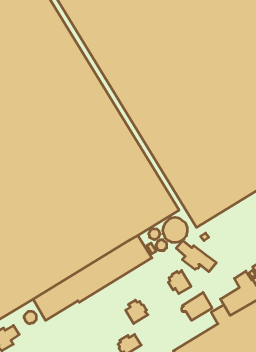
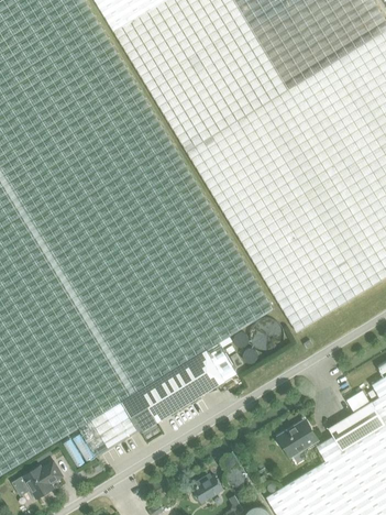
building: [176,241,216,272] -> none
building: [168,270,191,294] -> none
building: [126,300,148,324] -> none

